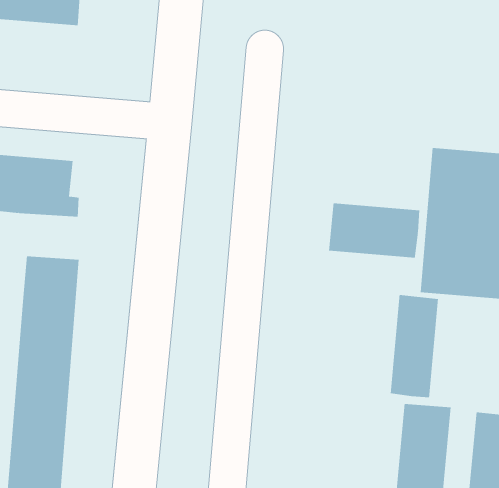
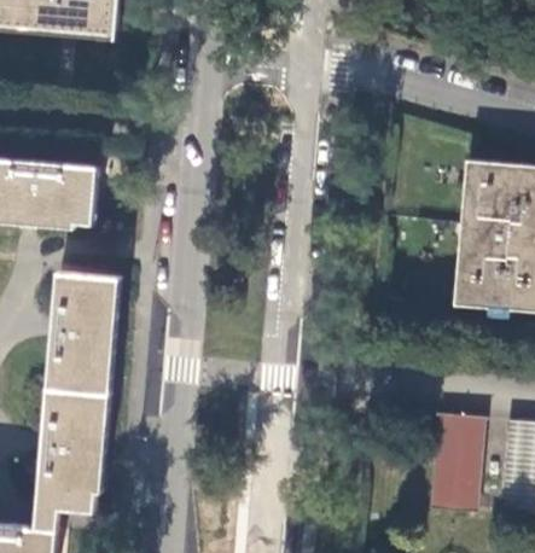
building: [328,203,420,258] -> none
building: [390,294,439,398] -> none

